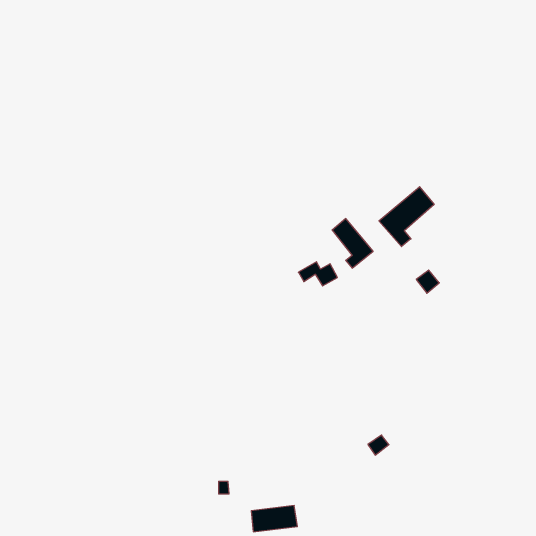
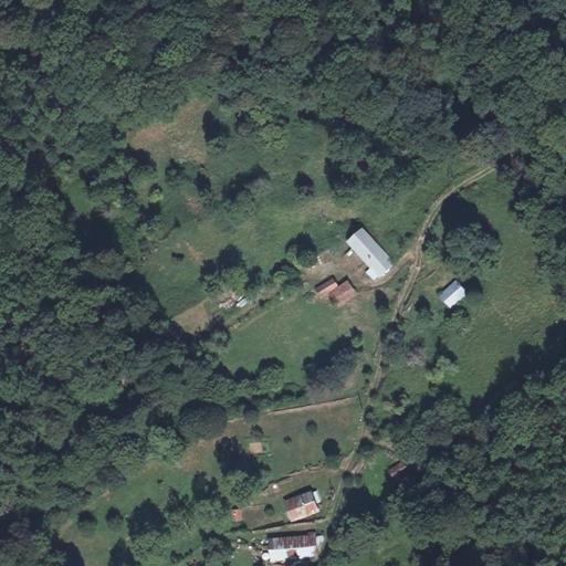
building: [379,187,434,247] -> none
building: none -> [283,491,321,522]

